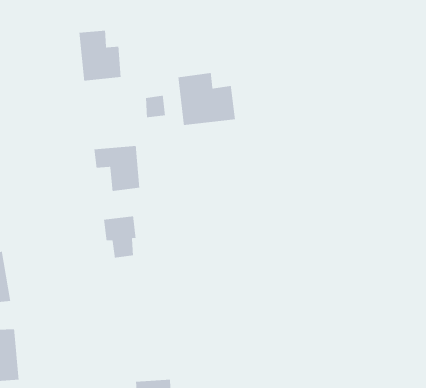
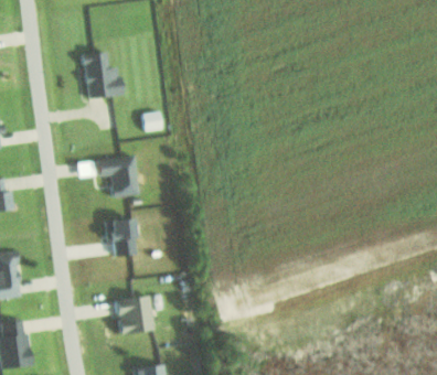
building: [177,72,236,126] -> none
building: none -> [116,296,153,335]

